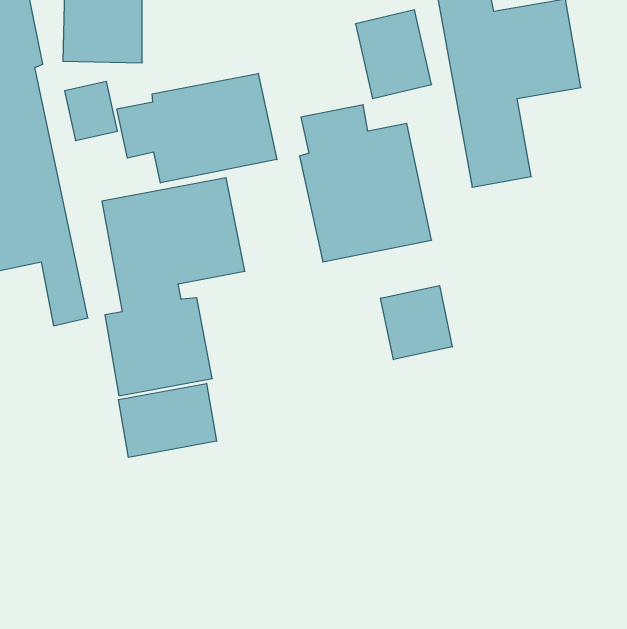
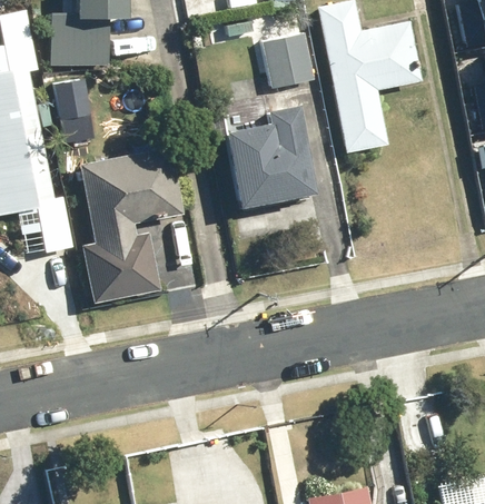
building: [117,73,277,183] -> none
building: [381,286,452,360] -> none
building: [118,383,217,457] -> none

